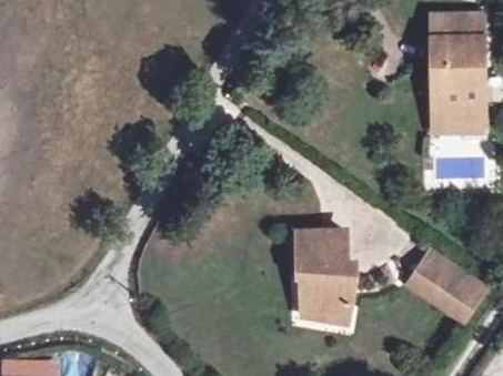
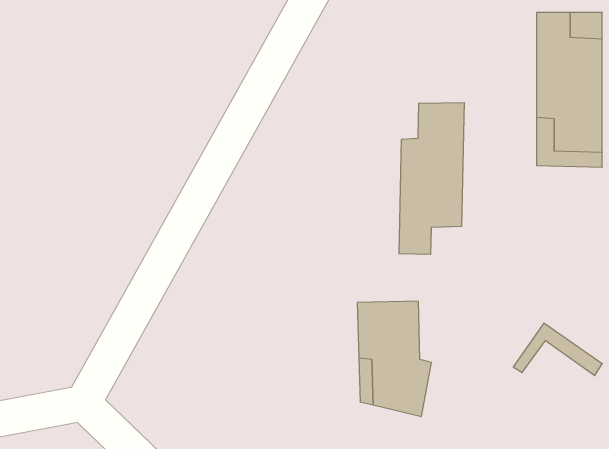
building: none -> [399,103,464,254]
building: [424,263,480,314] -> none

